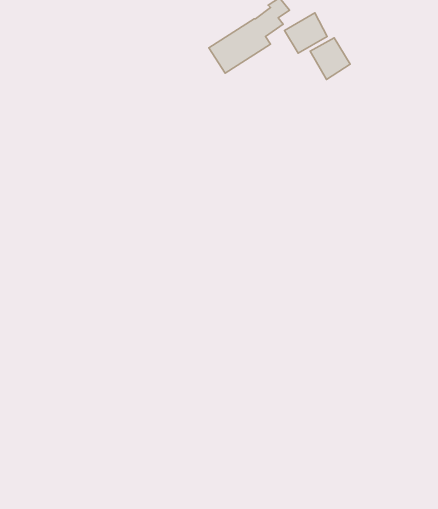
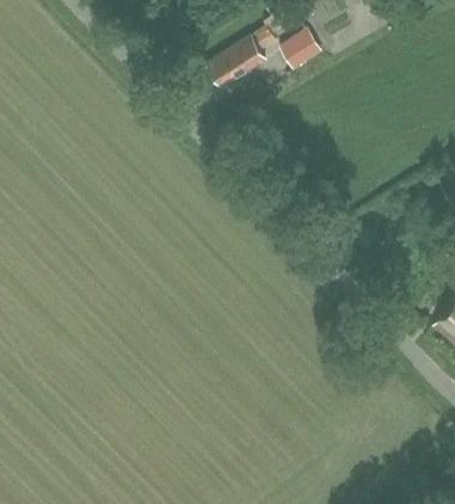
building: [310,38,350,79] -> none

